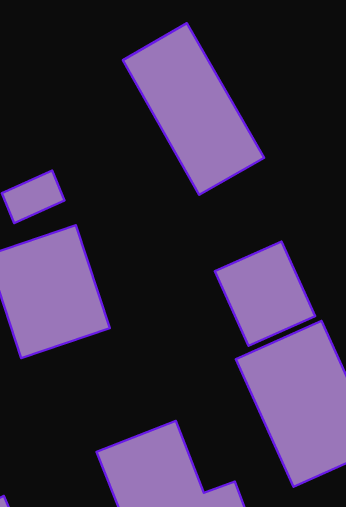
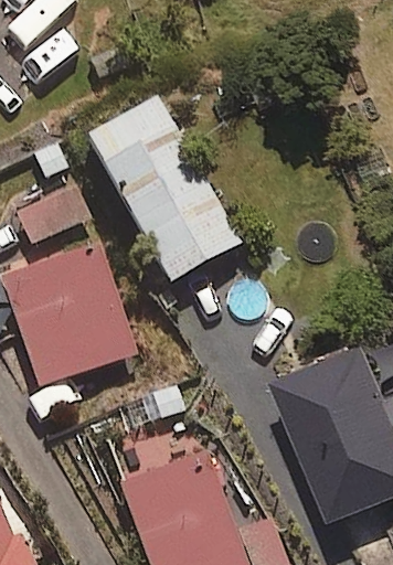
building: [123,23,264,195] -> [89,100,241,285]
building: [215,242,315,346] -> none

